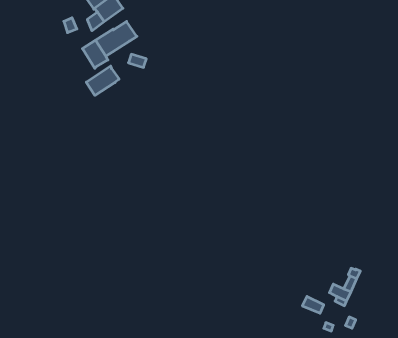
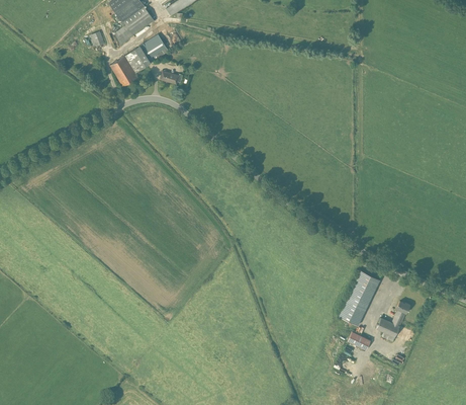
building: [86,66,119,95] -> none
building: none -> [339,270,379,325]

